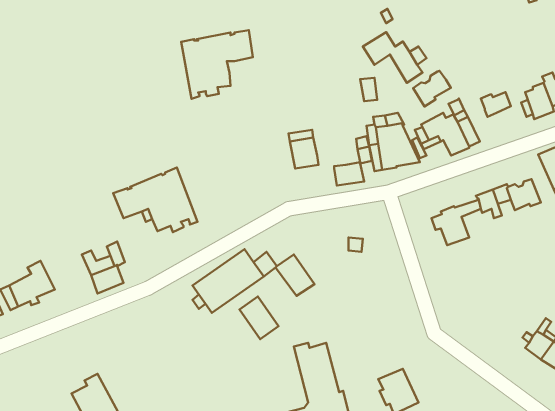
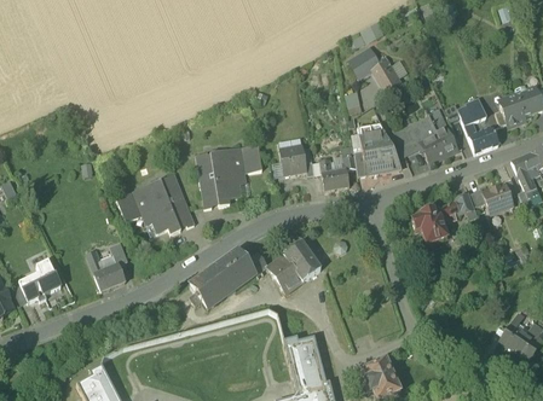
building: [181,30,253,99] -> [196,144,262,208]
building: [413,71,451,107] -> none
building: none -> [464,122,499,153]
building: [239,296,278,339] -> [284,242,320,281]

